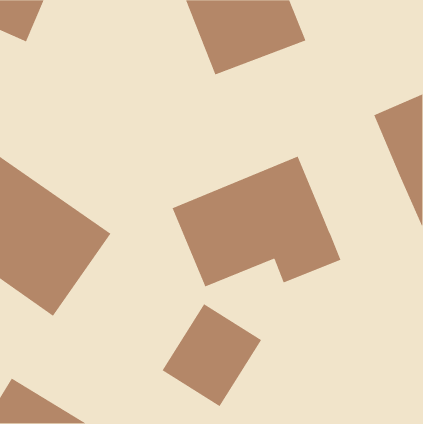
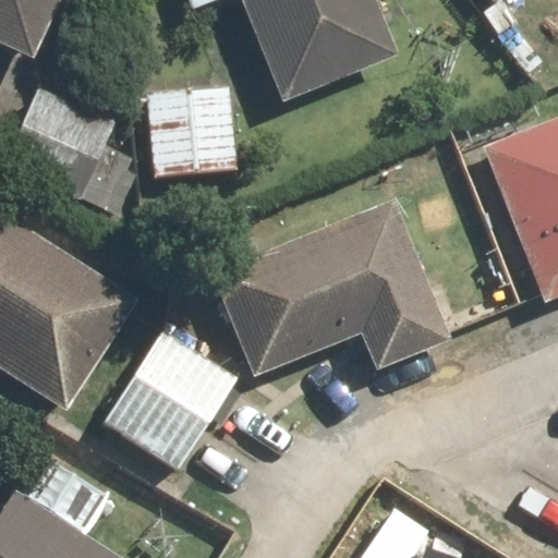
building: none -> [145,85,240,173]
building: none -> [5,93,138,213]
building: [162,303,262,407] -> [101,331,233,468]

